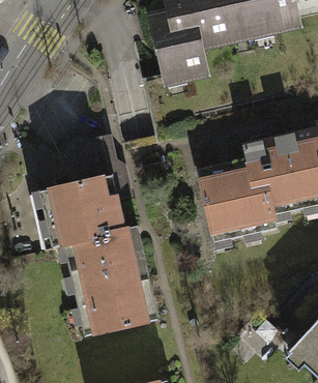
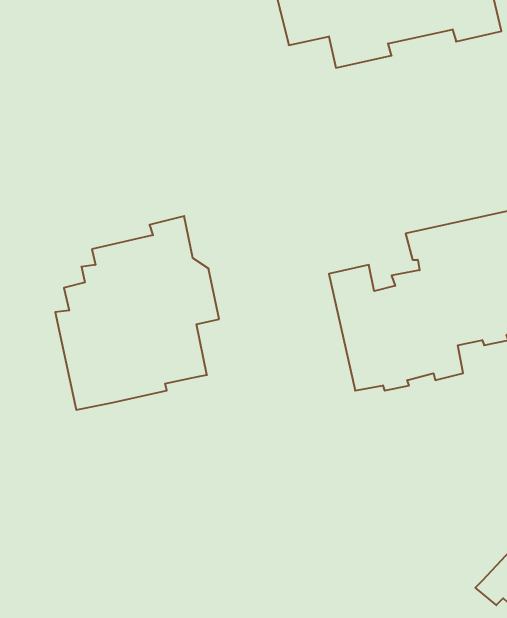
building: [151,13,208,80] -> none
building: [68,231,158,336] -> none

